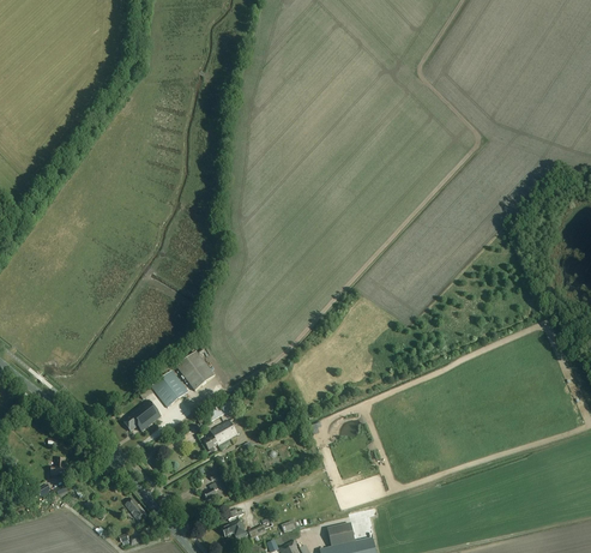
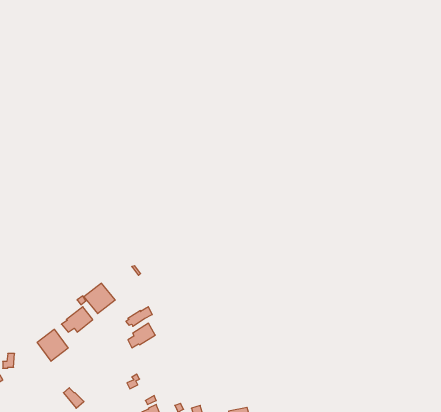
building: [176,350,215,390] -> none
building: none -> [37,329,68,361]

